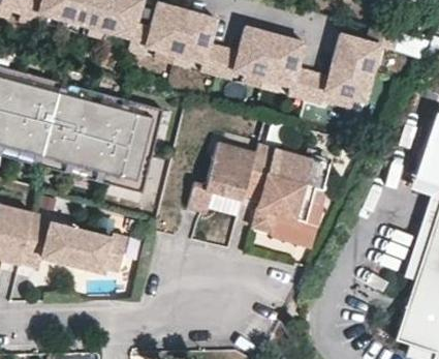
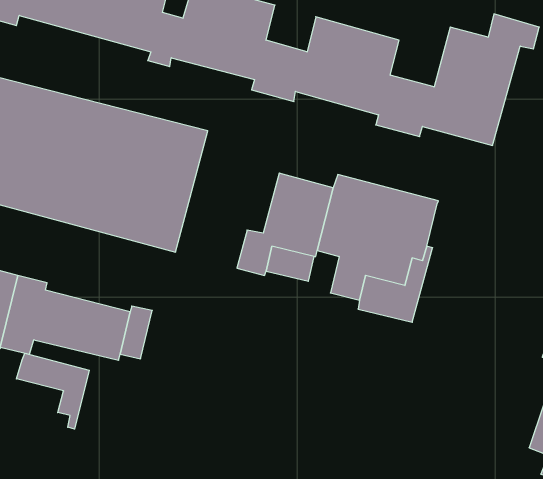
building: none -> [16,353,89,429]

